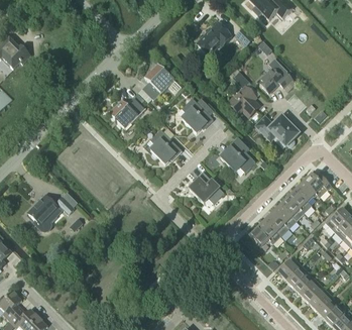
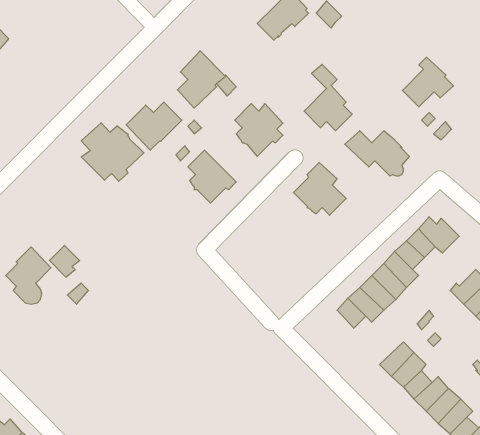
building: [257,60,291,93] -> [402,57,454,107]
building: none -> [81,123,144,181]
building: [189,172,224,204] -> none

